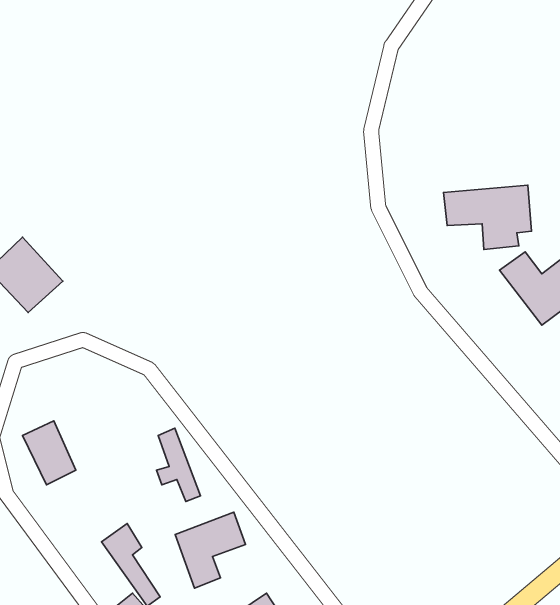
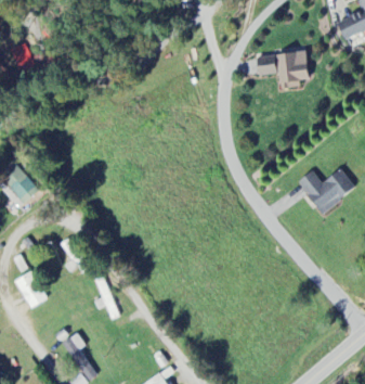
building: [444,185,532,249] -> [256,51,308,89]
building: [175,512,245,588] -> none

